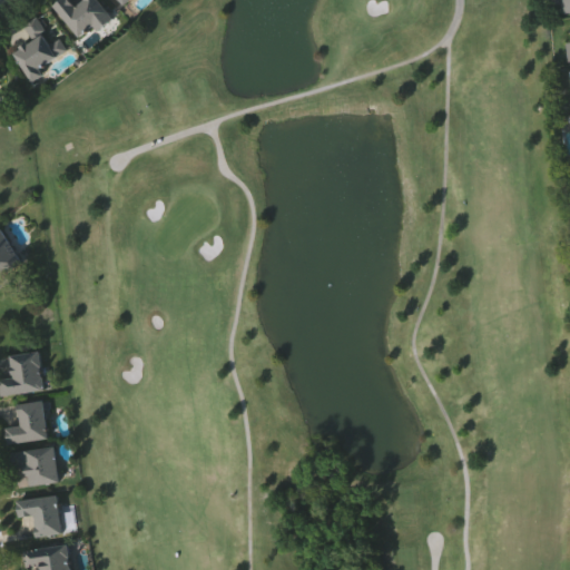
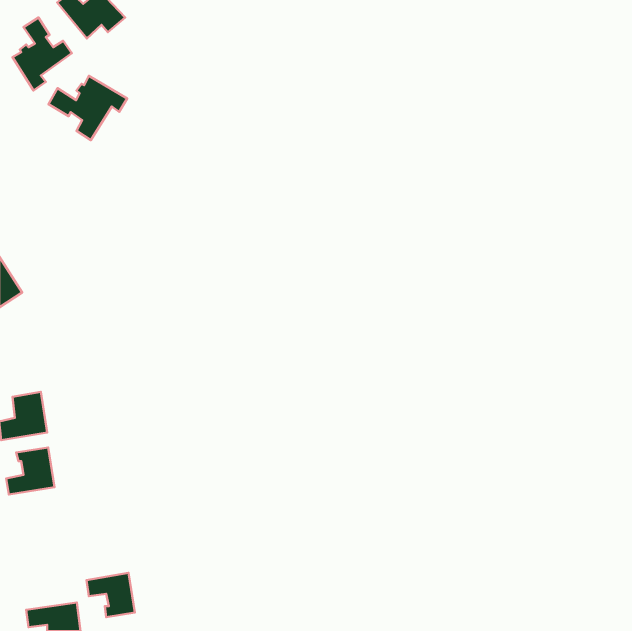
building: none -> [48,76,127,140]
building: [9,448,58,485] -> none
building: [17,497,60,537] -> [86,573,135,617]

